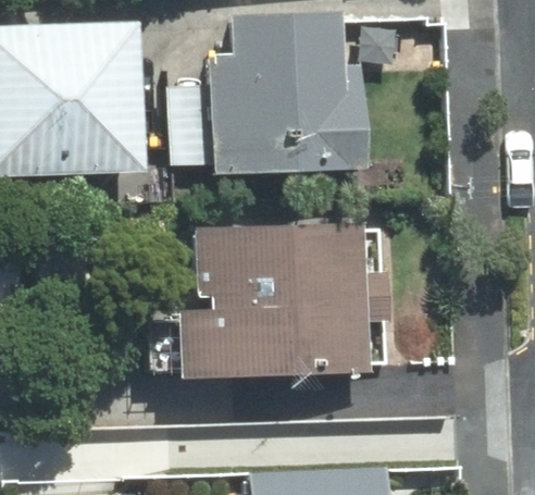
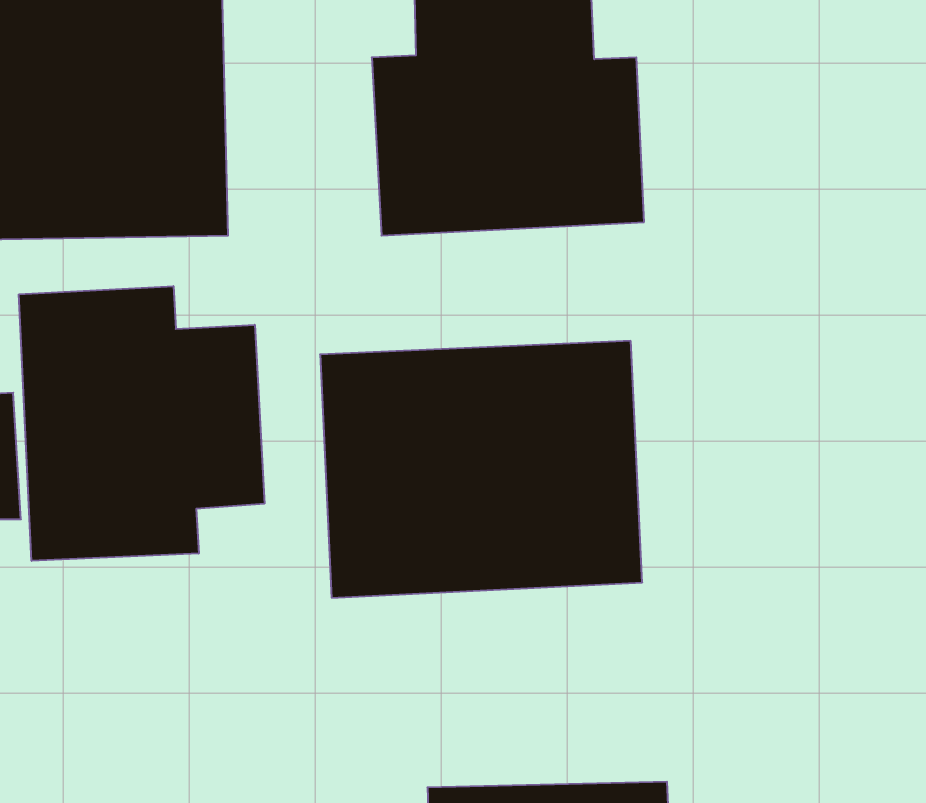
building: none -> [19,286,264,561]

